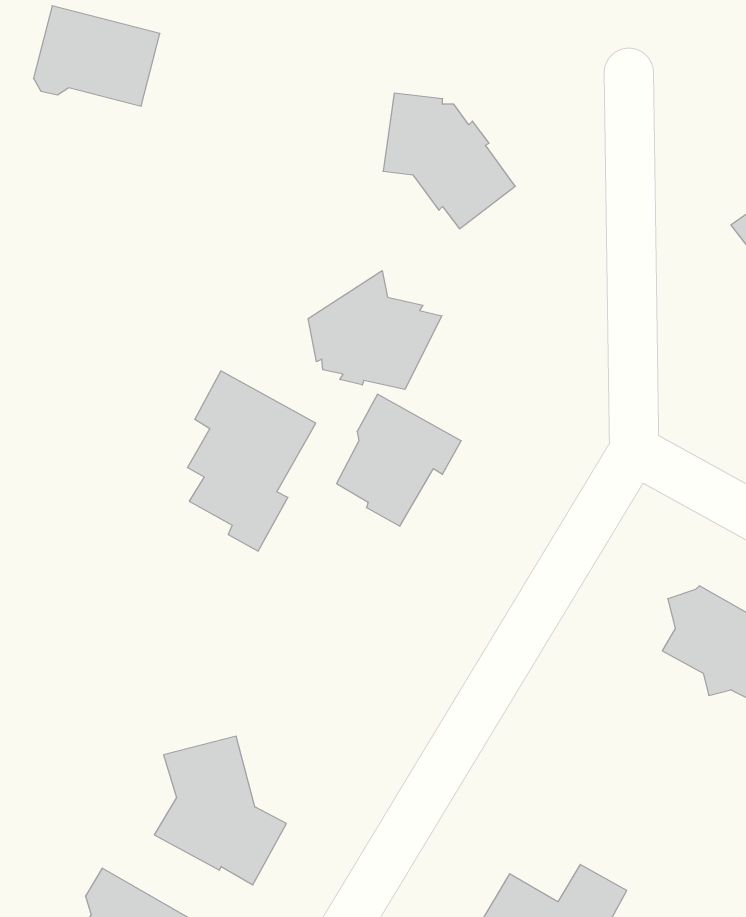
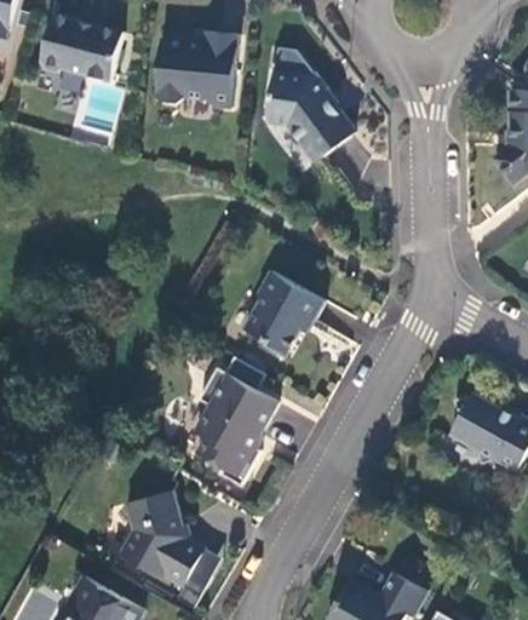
building: none -> [156,31,237,108]
building: [308,271,442,389] -> none
building: [187,371,316,551] -> [194,368,277,486]

